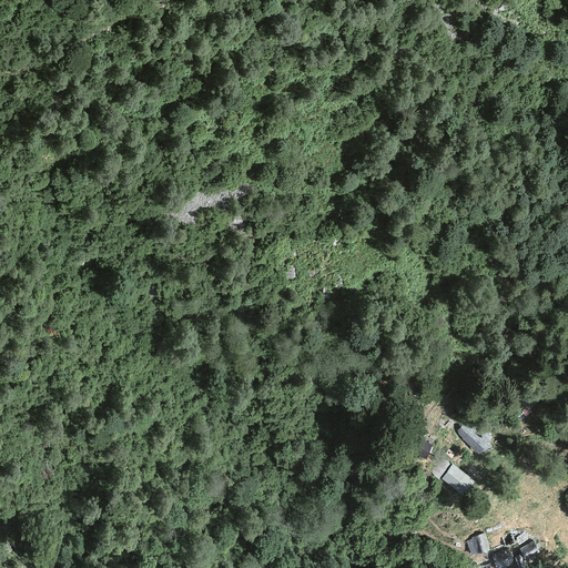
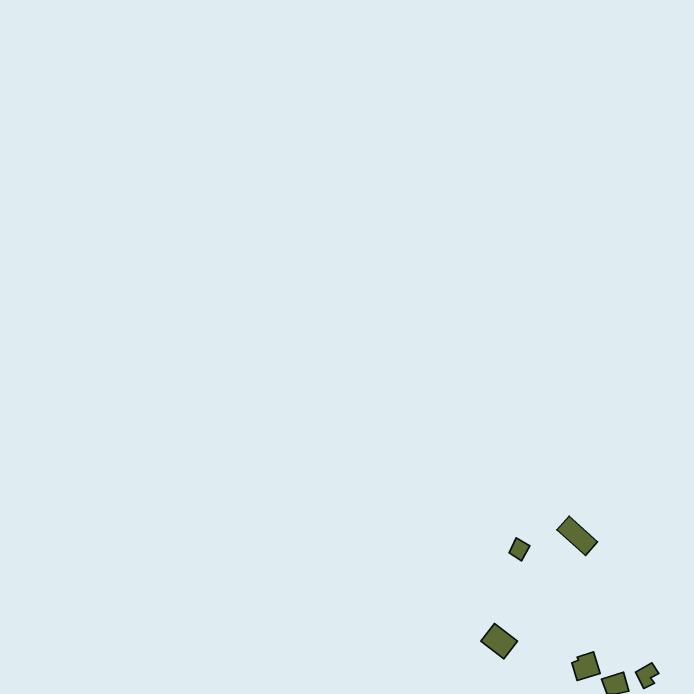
building: [442,465,471,494] -> [481,624,517,659]

